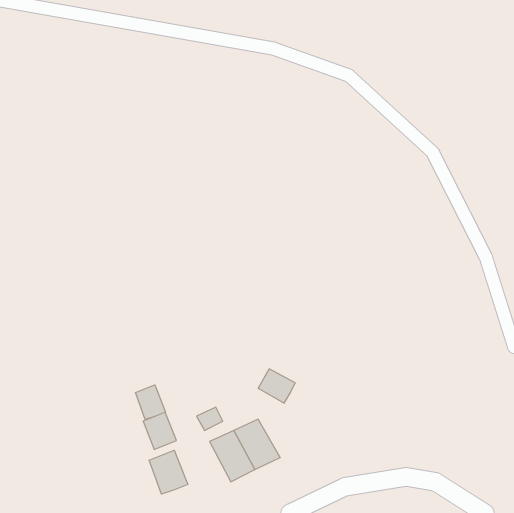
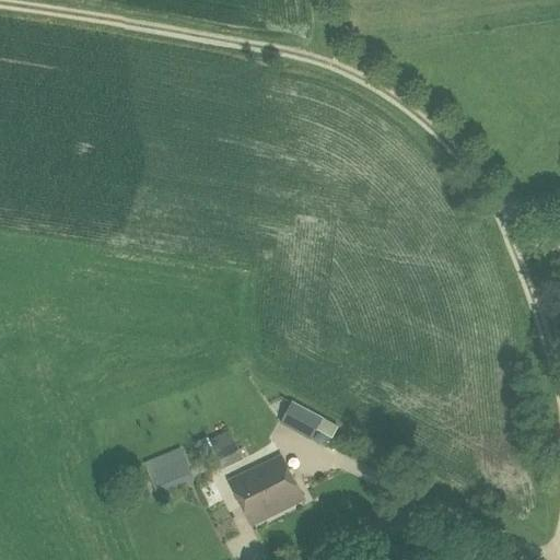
building: [136,385,166,420] -> none
building: [149,450,188,494] -> none

